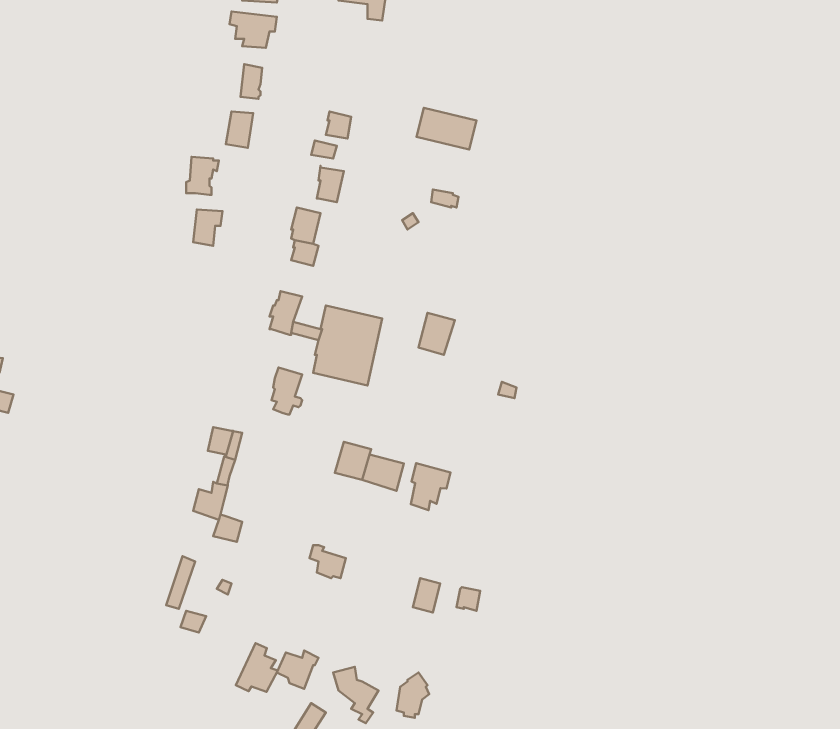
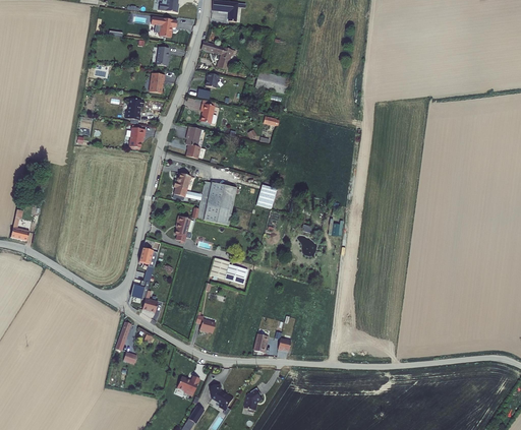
building: none -> [200,41,233,69]
building: [411,463,451,510] -> none
building: [236,643,278,692] -> none

